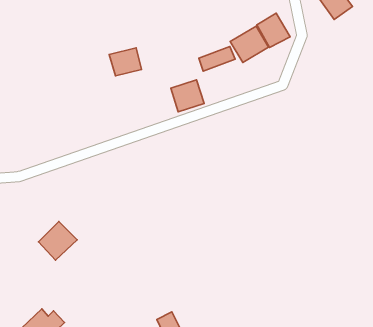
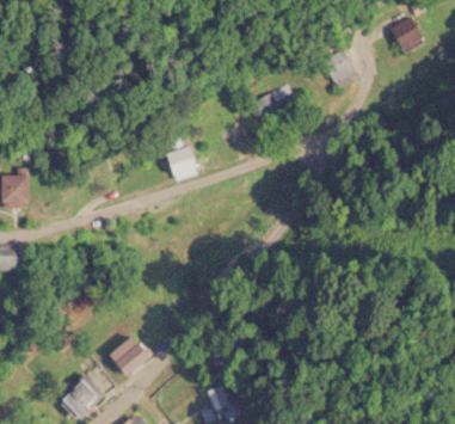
building: [230,26,269,62] -> none
building: [109,48,141,76] -> [162,146,198,177]
building: [38,221,77,260] -> [107,333,150,376]

